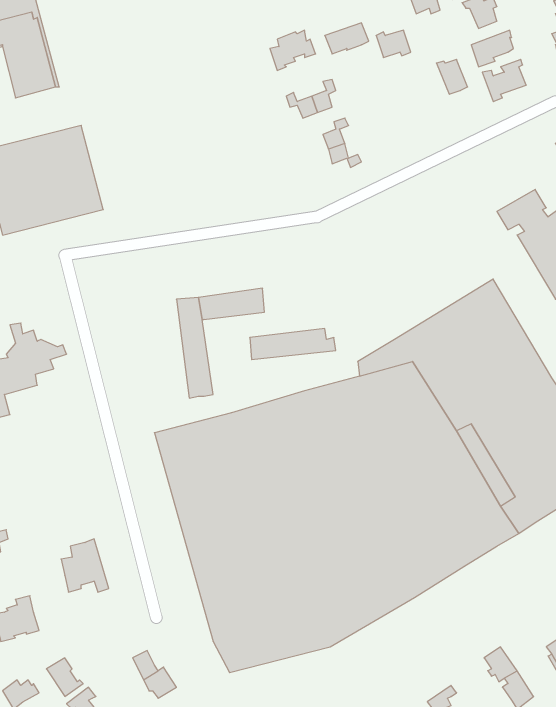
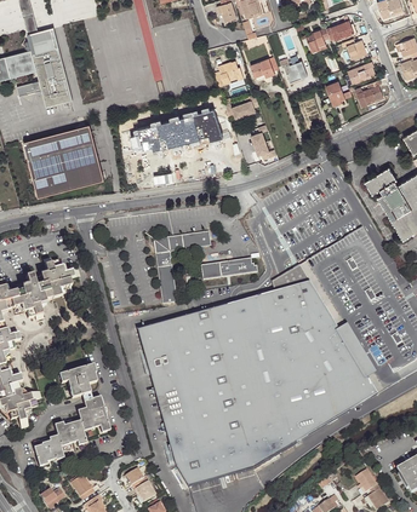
building: none -> [131,110,222,155]
building: none -> [58,366,96,403]
building: none -> [52,422,85,447]

